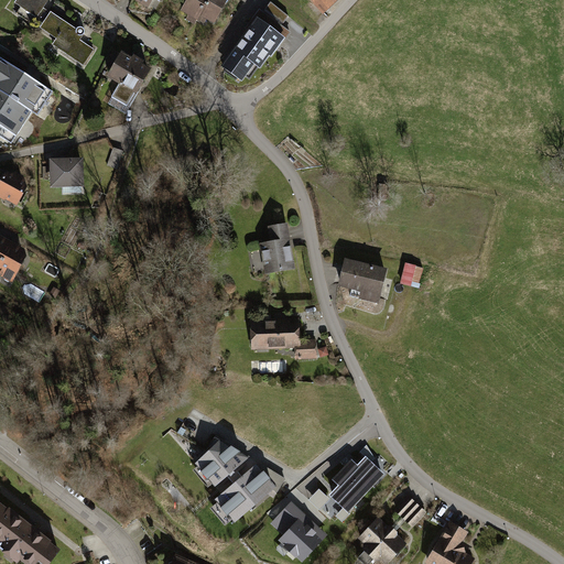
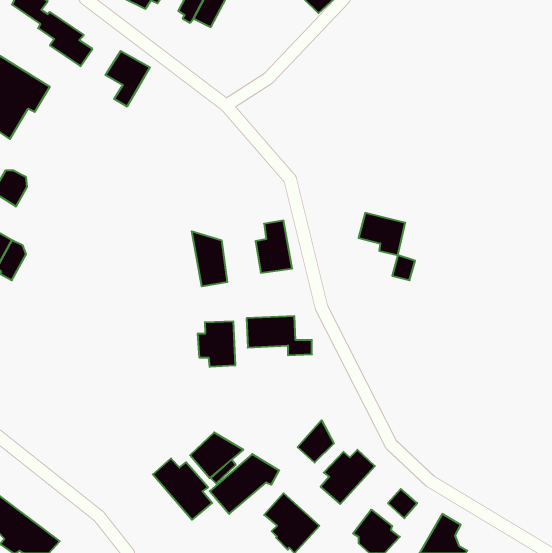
building: [217,15,281,80] -> none
building: [48,159,84,188] -> none
building: none -> [192,231,227,286]
building: [338,261,386,304] -> [359,213,405,255]
building: none -> [198,321,235,367]
building: none -> [298,420,334,463]
building: none -> [153,458,212,520]

